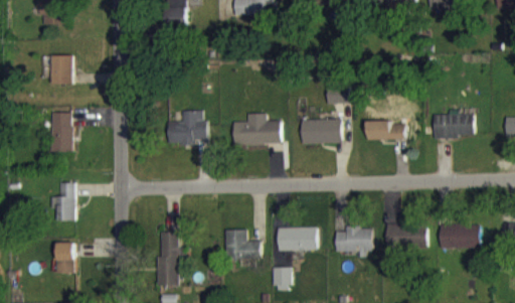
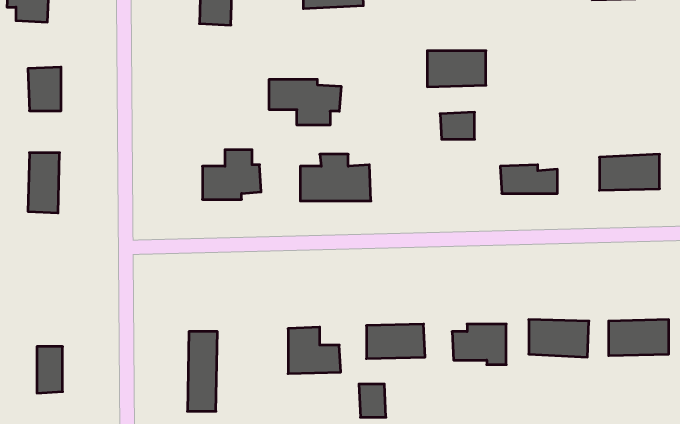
building: none -> [269,79,341,125]
building: [302,120,341,144] -> [427,51,486,87]
building: [50,183,74,221] -> none

